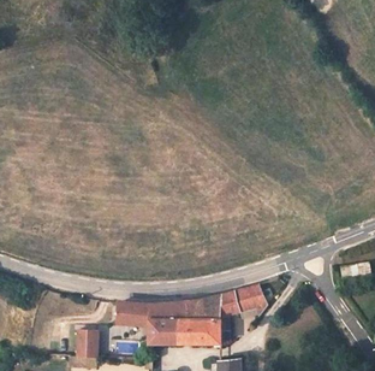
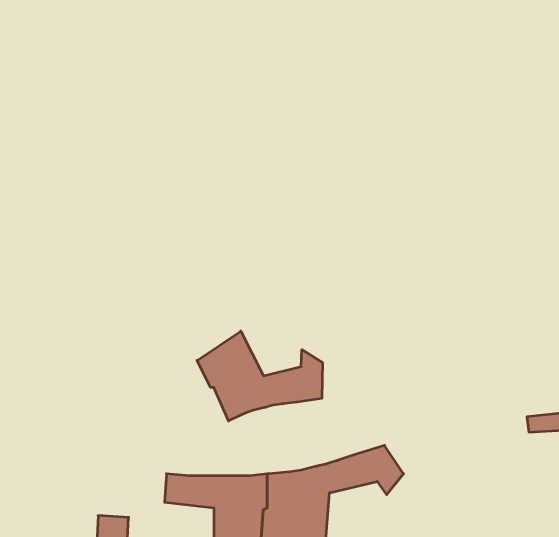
building: none -> [197,331,323,421]

